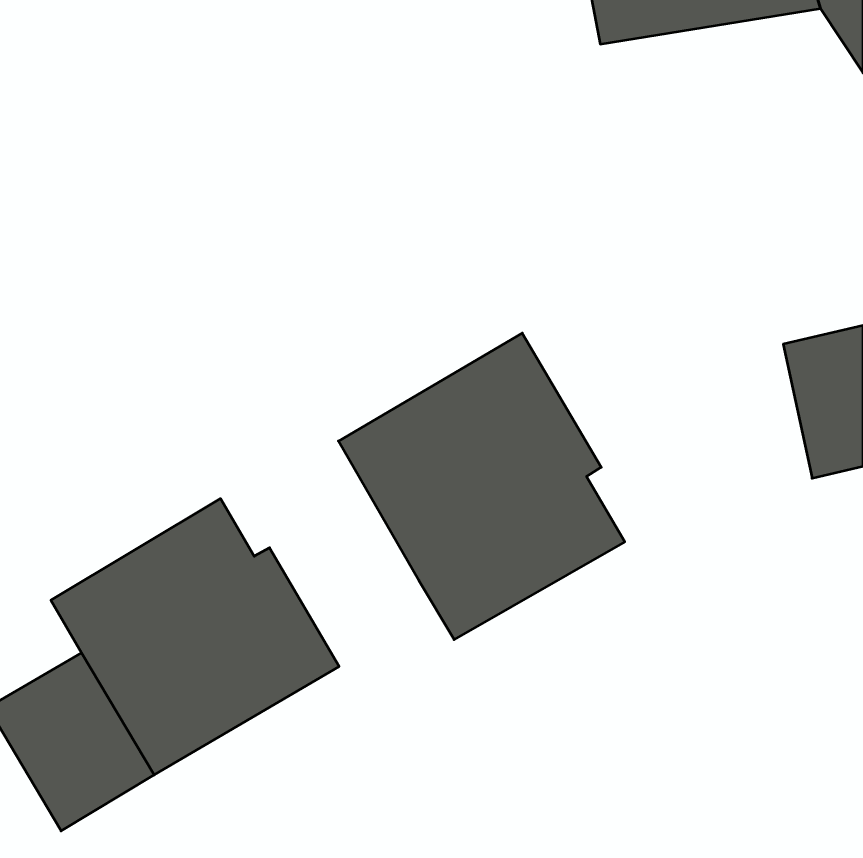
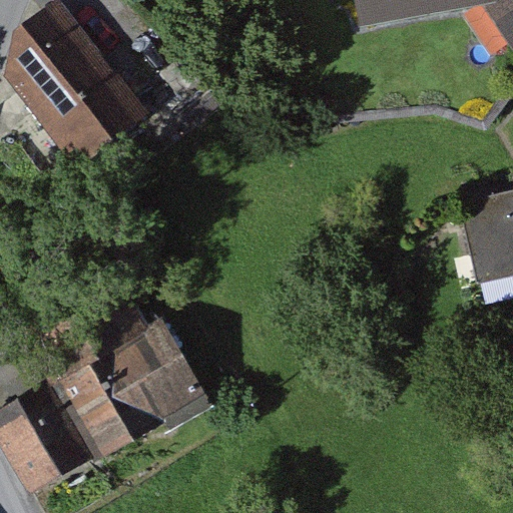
building: none -> [9,4,152,175]
building: [338,333,625,640] -> none

